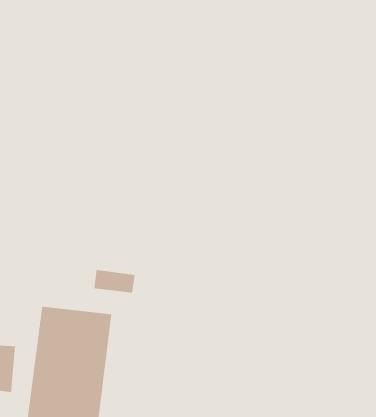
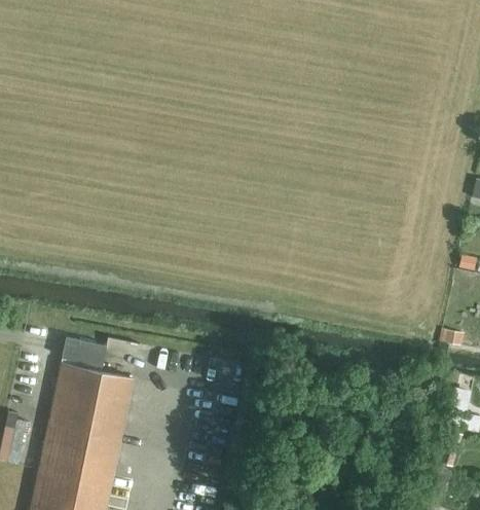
building: [94,269,135,293] -> [64,338,108,366]

